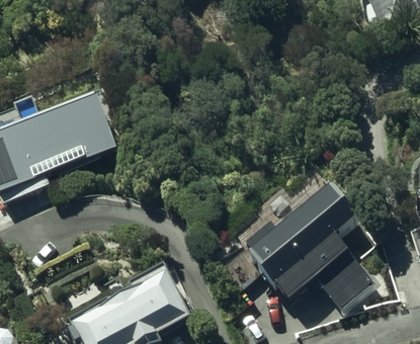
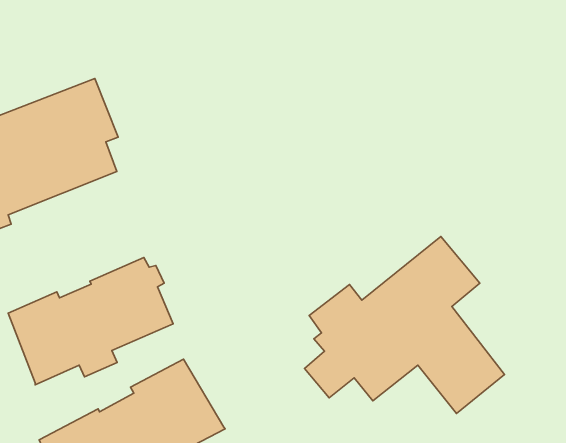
building: none -> [8,257,173,385]

